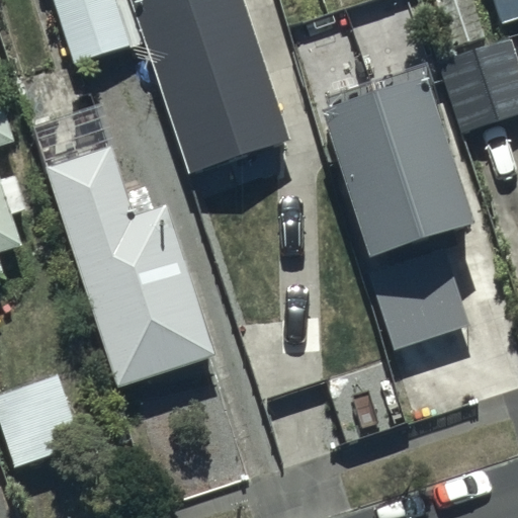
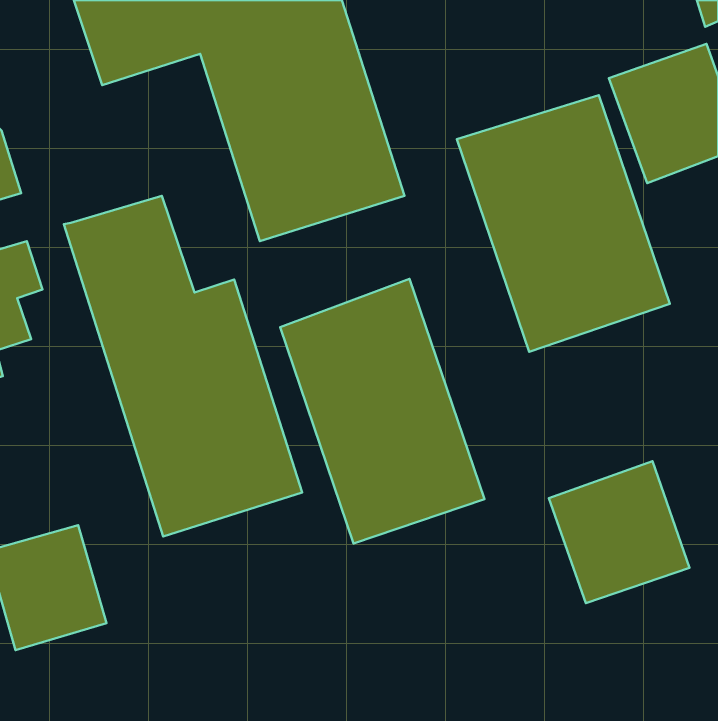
building: none -> [280,279,485,543]
building: [367,247,467,348] -> [549,461,689,603]

